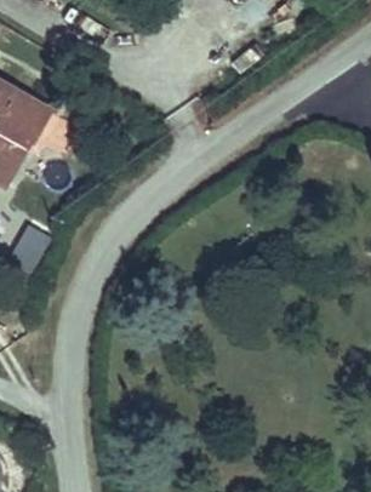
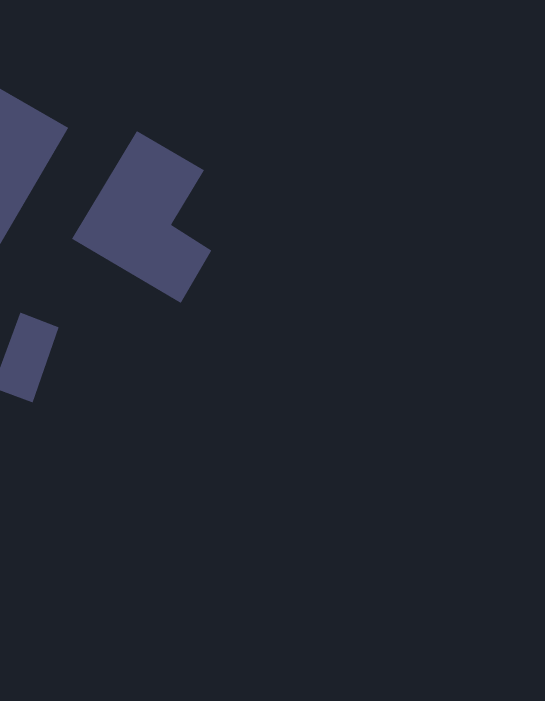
building: none -> [71,130,212,304]

